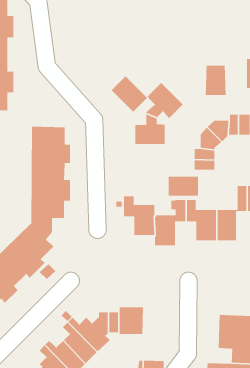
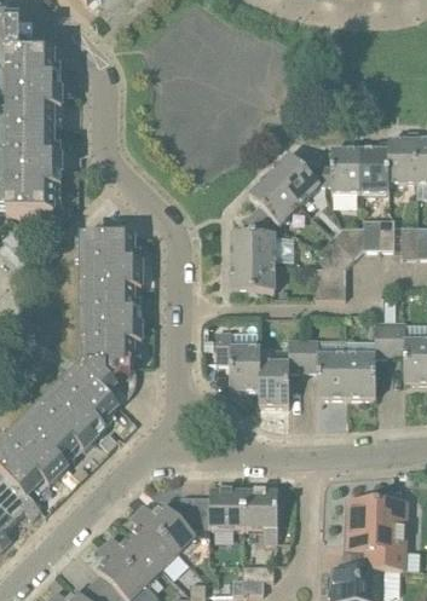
building: none -> [359,139,388,192]
building: [111,76,148,113] -> [269,152,321,204]
building: [168,176,199,196] -> [231,261,275,290]
building: none -> [243,489,278,542]

